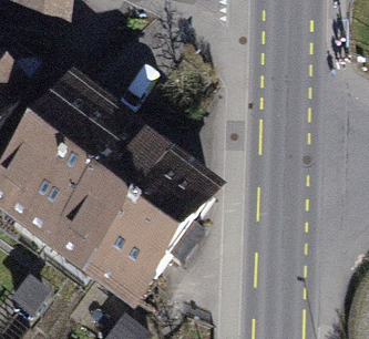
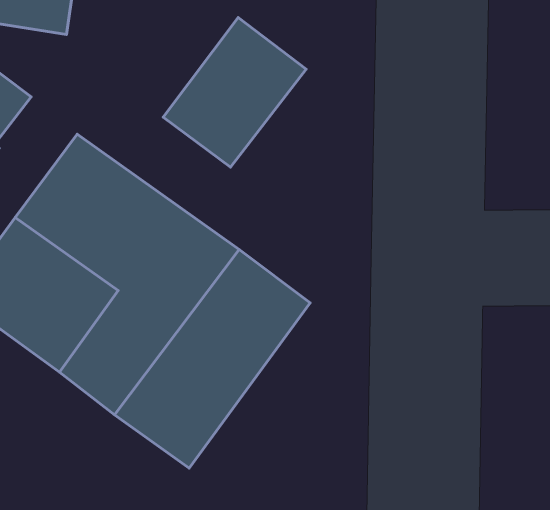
building: none -> [163,17,306,167]

